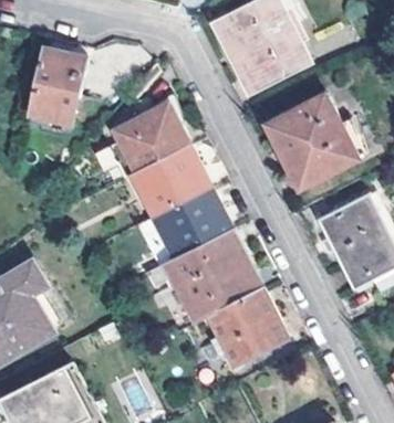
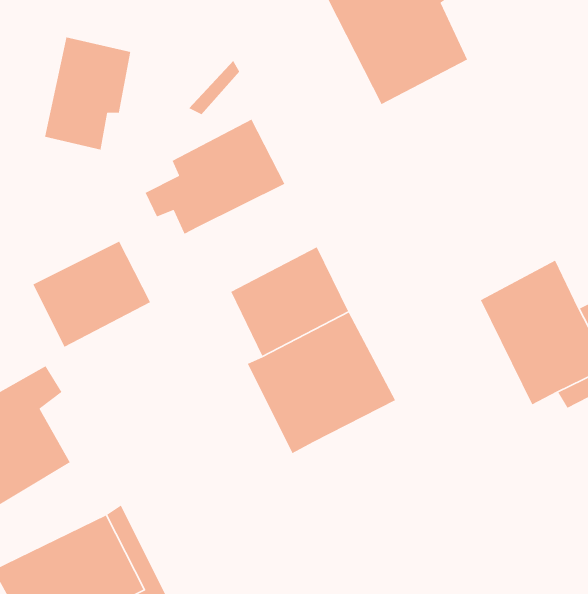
building: [269,94,353,188] -> none
building: [132,144,210,214] -> [32,240,151,348]
building: [208,286,287,362] -> none

